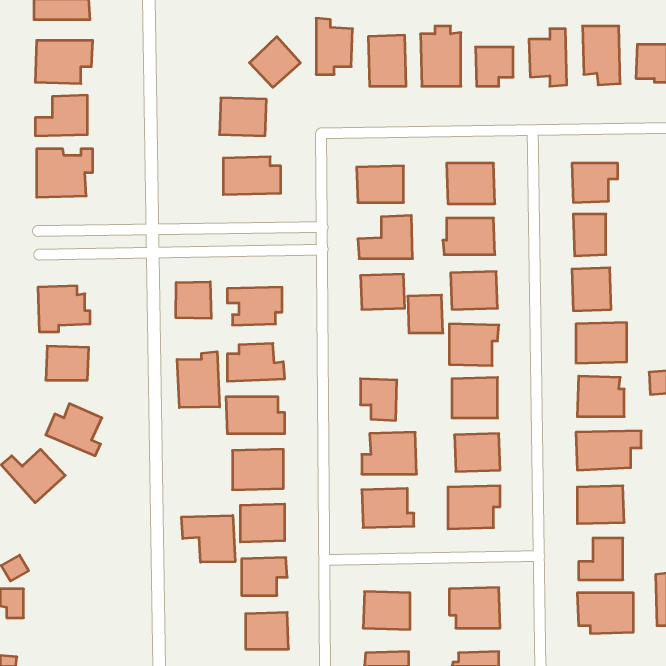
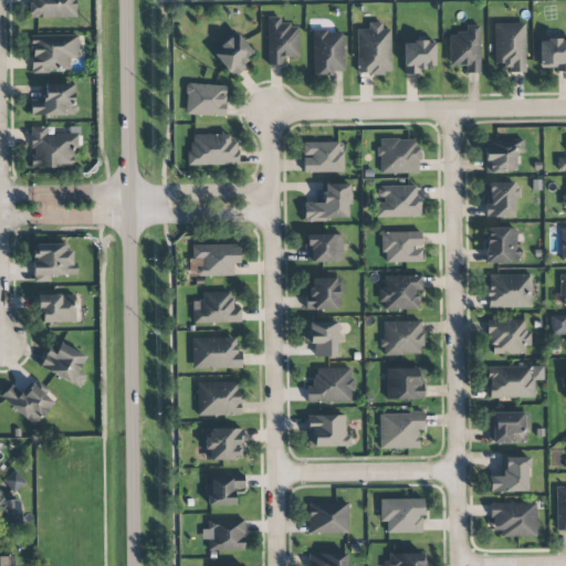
building: [176,282,211,318] -> none
building: [408,295,443,333] -> [308,276,338,308]
building: [177,352,220,408] -> none
building: [182,515,235,562] -> none

